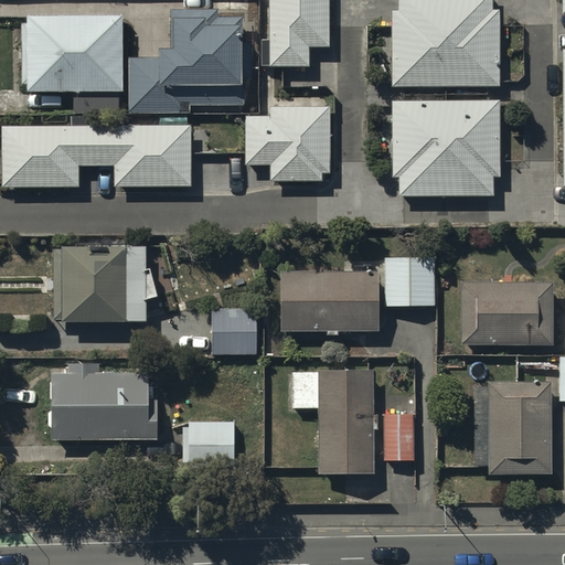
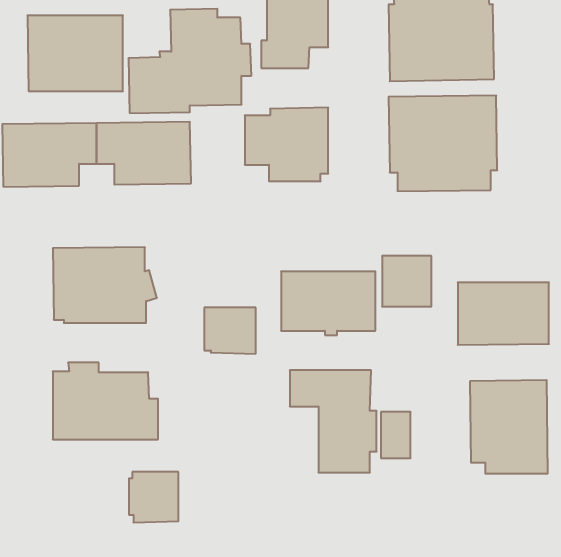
building: [185,418,235,469] -> [129,472,178,522]

